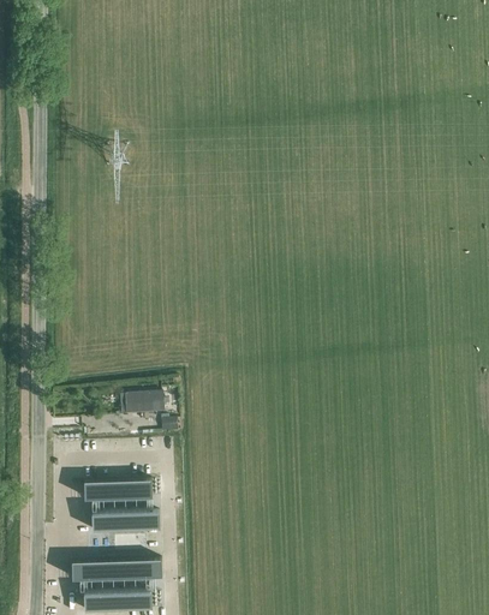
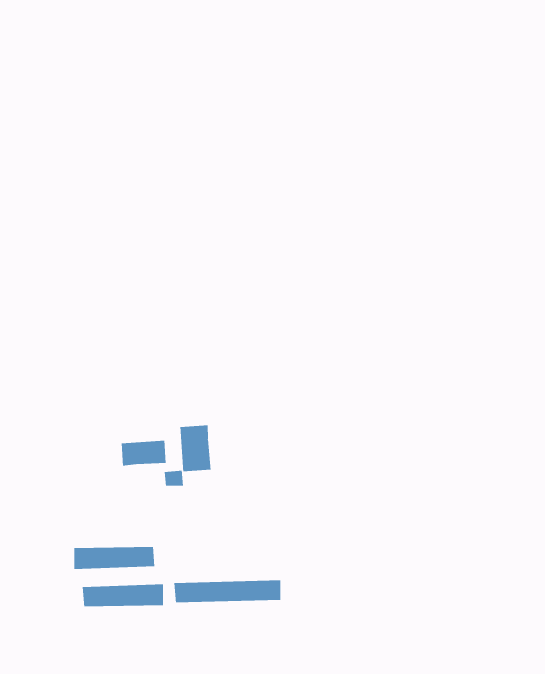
building: none -> [180,424,211,472]
building: [71,560,161,579] -> [174,580,281,603]

